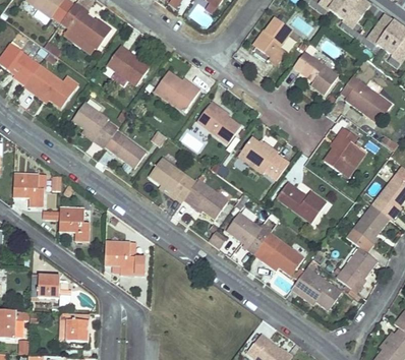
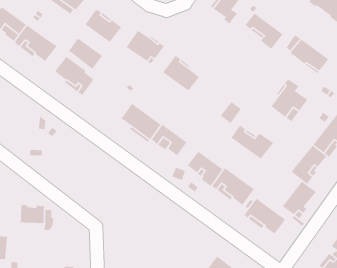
building: [105,130,146,168] -> [68,38,103,70]
building: [237,135,278,173] -> none
building: [13,173,44,206] -> none
building: [58,206,90,240] -> none
building: [104,241,146,275] -> none
building: [66,312,89,343] -> none

